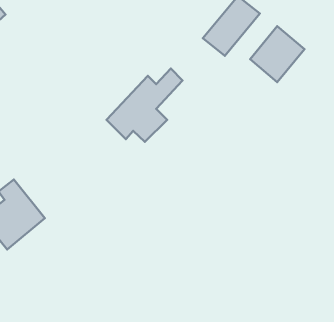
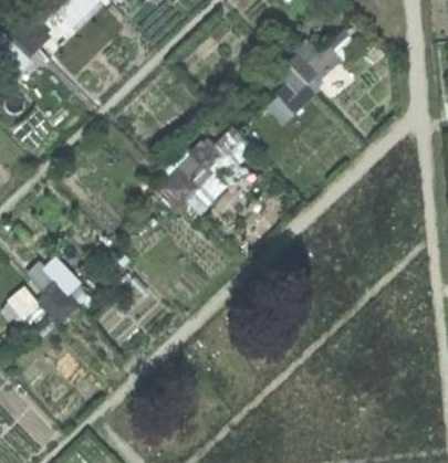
building: [250,26,304,82] -> none

